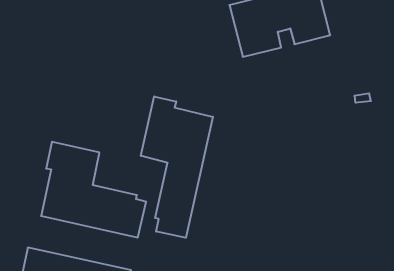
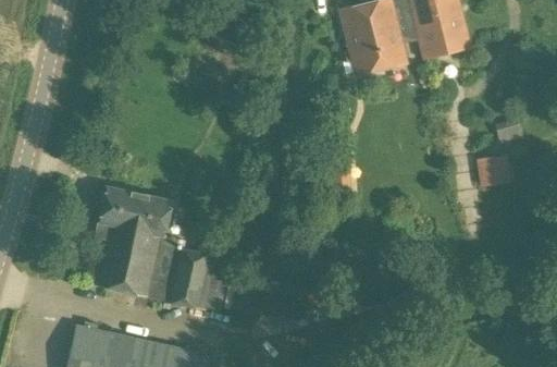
building: [141,96,213,238] -> none
building: none -> [476,156,512,188]

